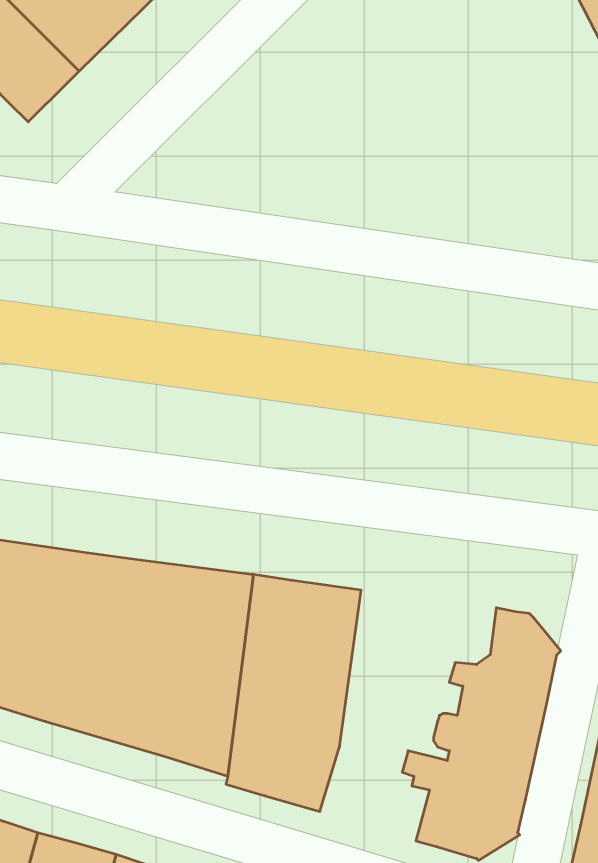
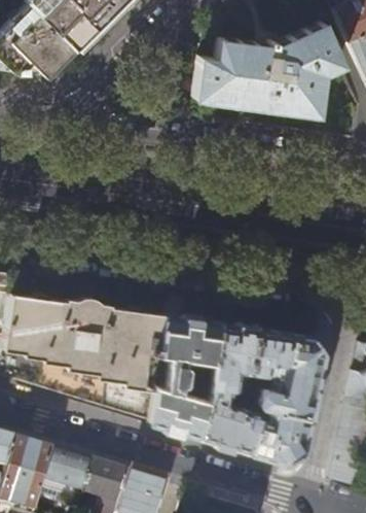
building: none -> [195,23,341,115]
building: none -> [200,323,293,455]

